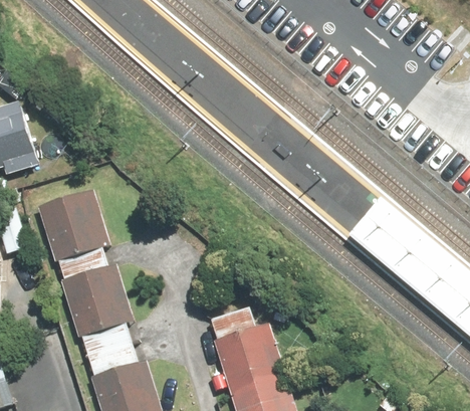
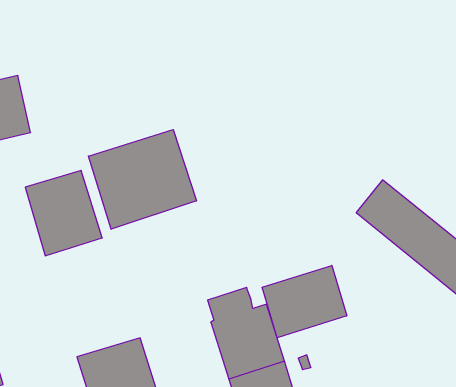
building: none -> [88,130,196,229]
building: [56,261,146,376] -> none
building: none -> [262,265,347,338]

